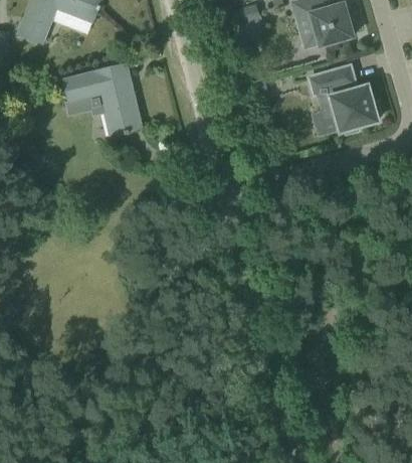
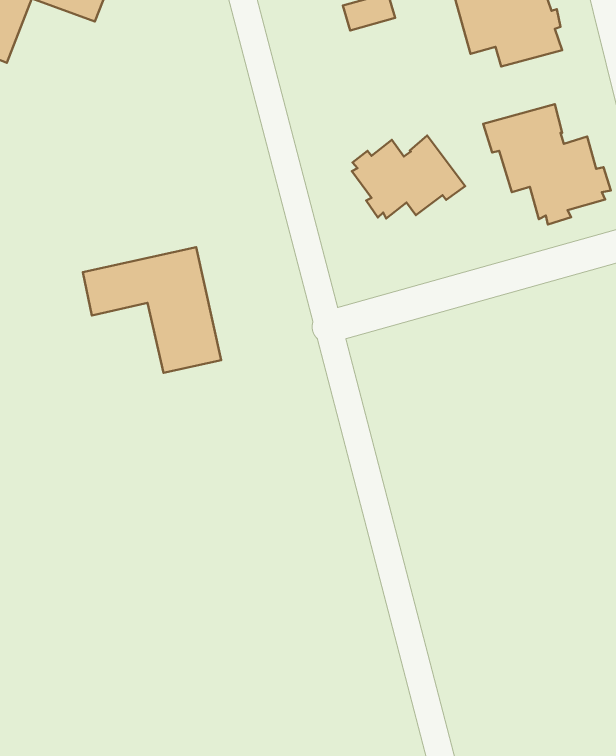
building: [62,64,140,135] -> [83,247,221,373]
building: none -> [352,136,465,219]

